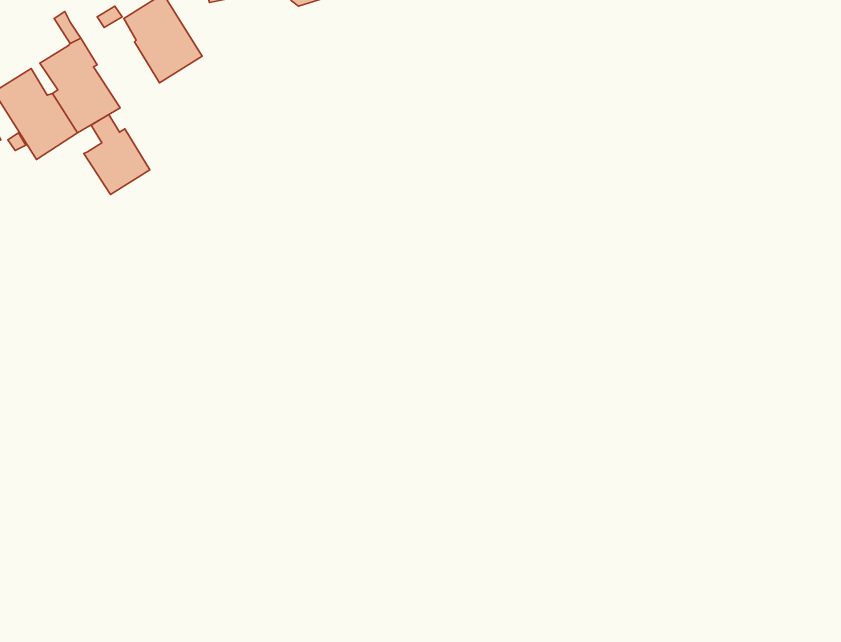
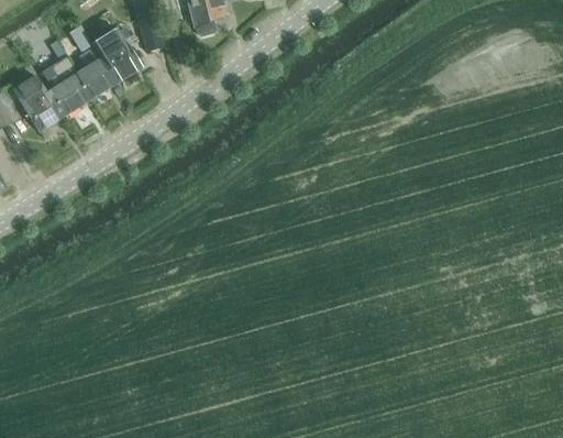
building: [84,114,150,195] -> [75,48,115,98]

